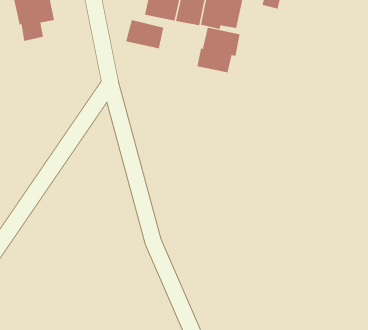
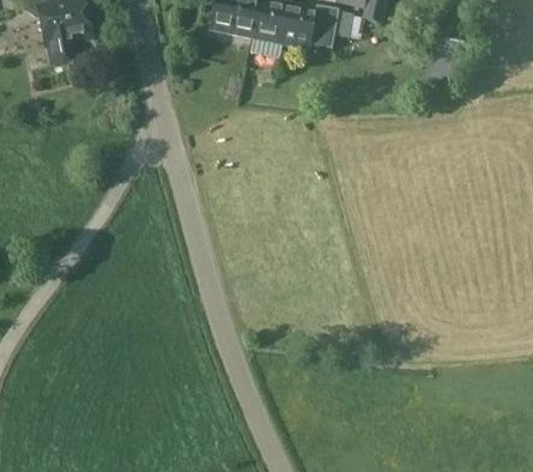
building: [126,19,164,49] -> none
building: [197,27,240,73] -> none

